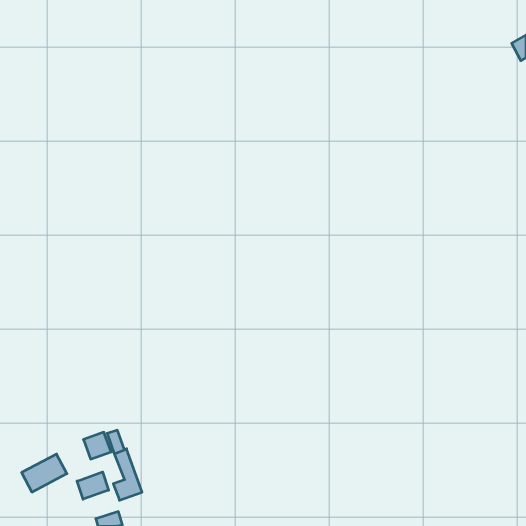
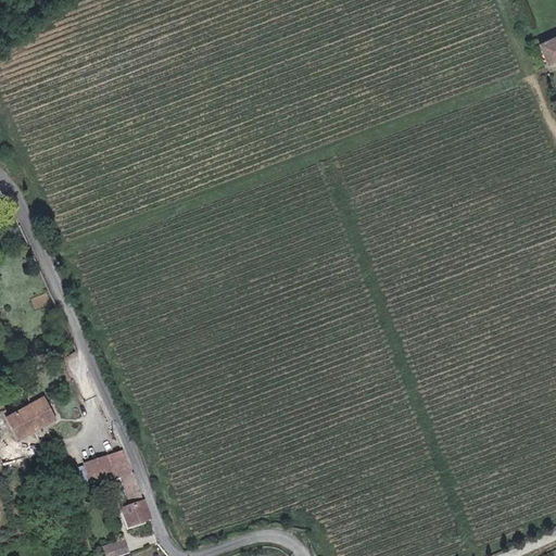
building: [22,454,67,492] -> [5,397,53,438]
building: [77,472,109,499] -> none

